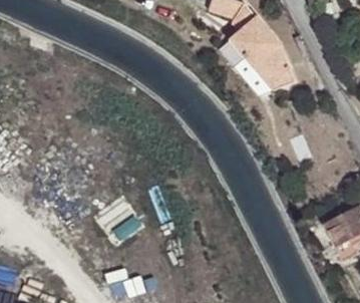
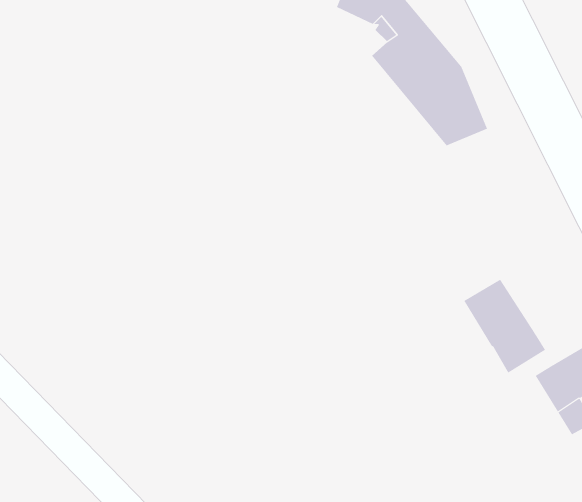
building: none -> [464,279,546,373]

